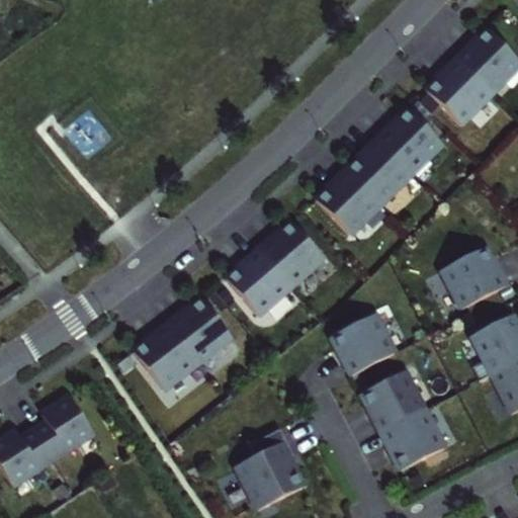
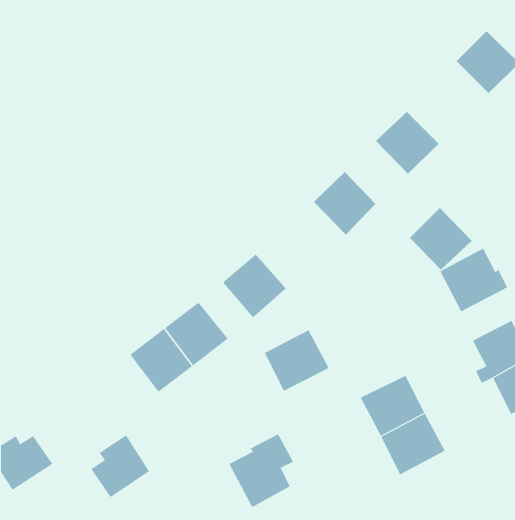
building: [427,61,491,124] -> none
building: [348,140,411,202] -> [409,207,472,271]
building: [260,224,323,286] -> none
building: [334,315,399,376] -> [264,329,329,392]
building: [39,398,98,460] -> [91,435,150,498]

